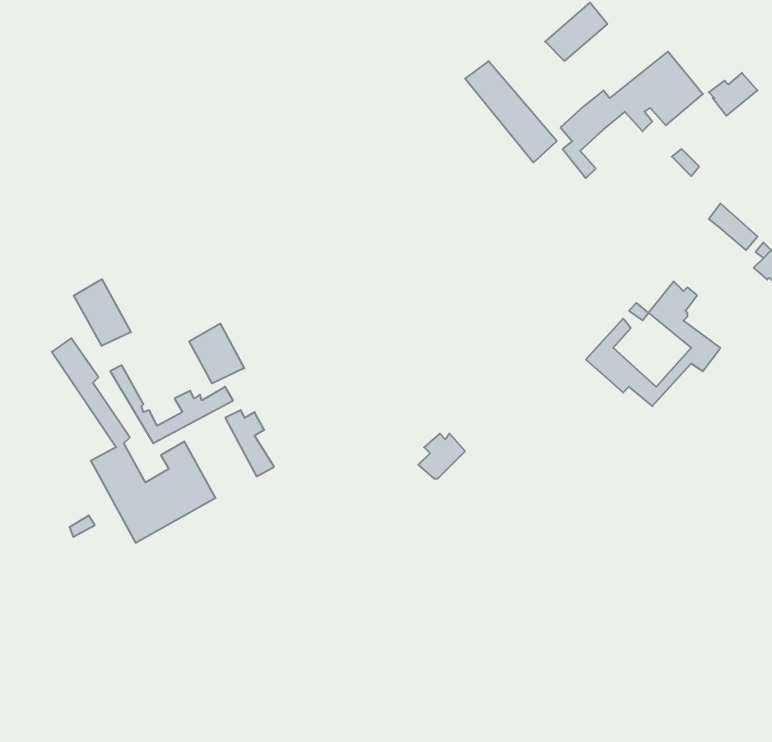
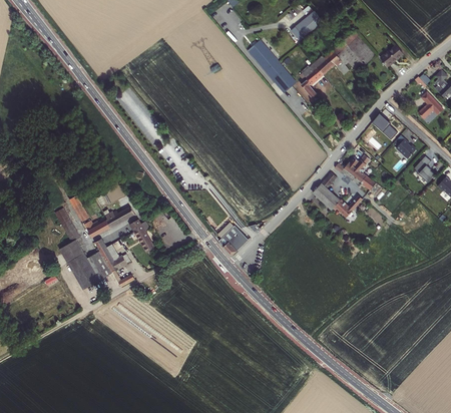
building: [74,279,131,346] -> none
building: [189,324,244,383] -> none

